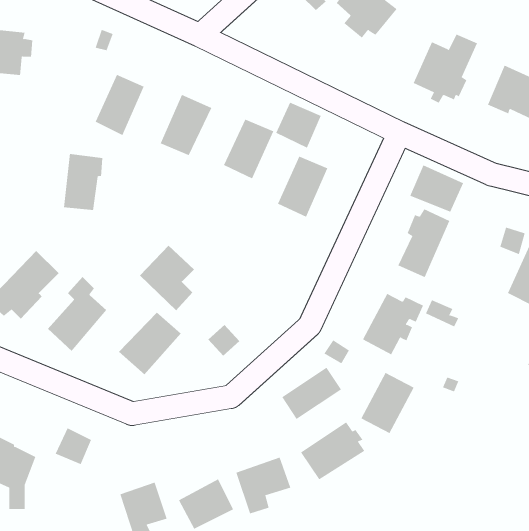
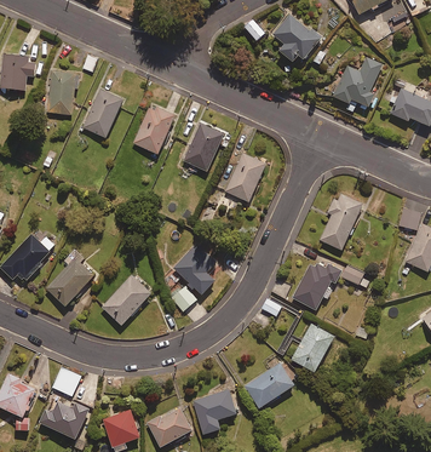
building: [275,102,322,149] -> none
building: [63,153,103,210] -> [46,69,77,114]
building: [410,165,464,212] -> none
building: [139,245,195,311] -> [172,242,216,294]
building: [281,367,342,420] -> none
building: none -> [38,400,88,439]

